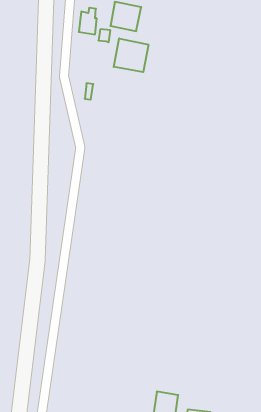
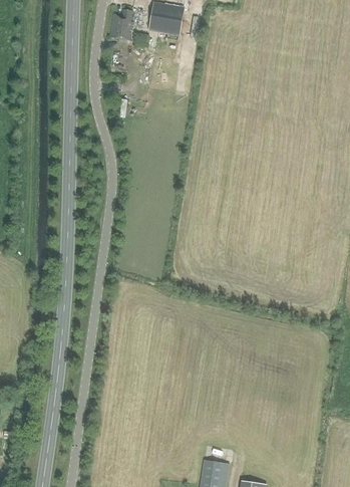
building: [114,38,148,72] -> none

